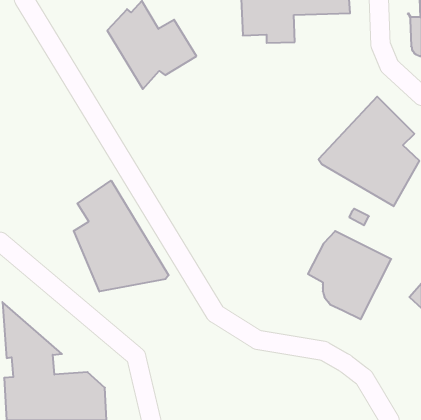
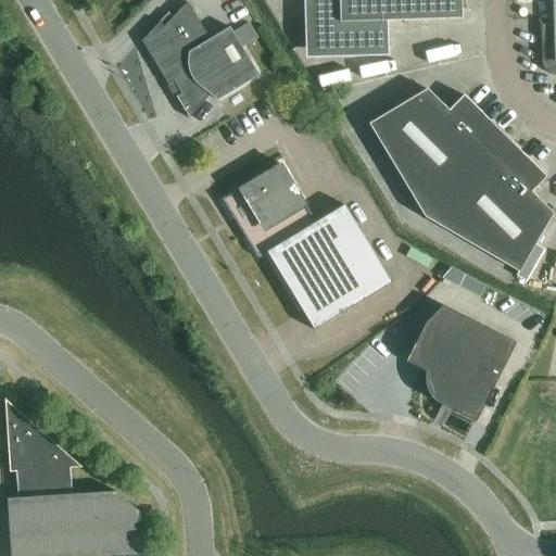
building: none -> [369,88,497,210]
building: none -> [223,163,392,329]
building: [74,181,169,292] -> none

